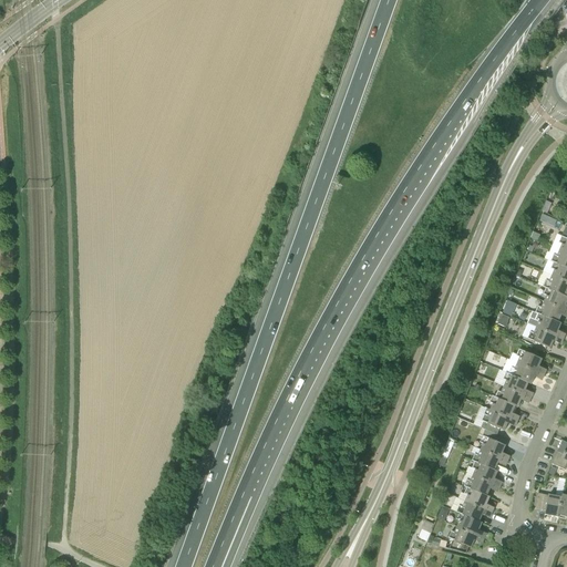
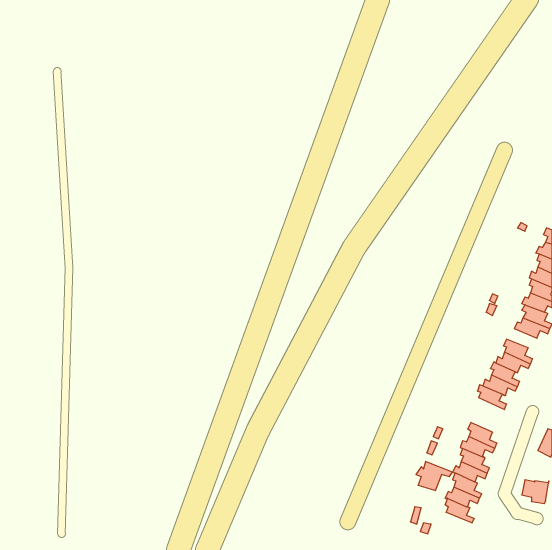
building: [481,408,517,433] -> none
building: [447,526,485,556] -> [416,461,453,491]

